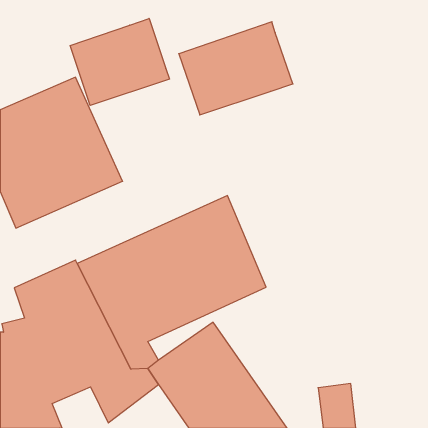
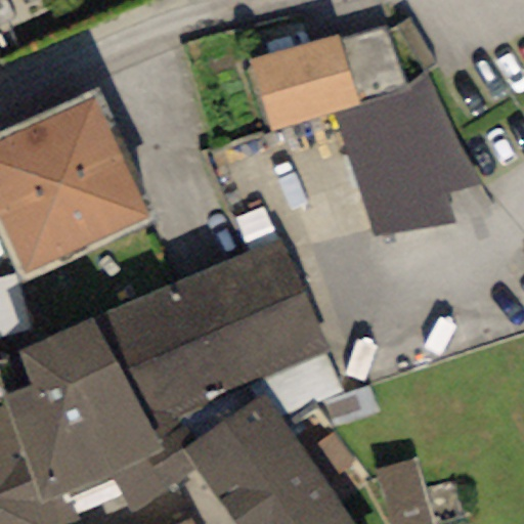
building: [70,18,169,105] -> none
building: none -> [331,28,455,225]

